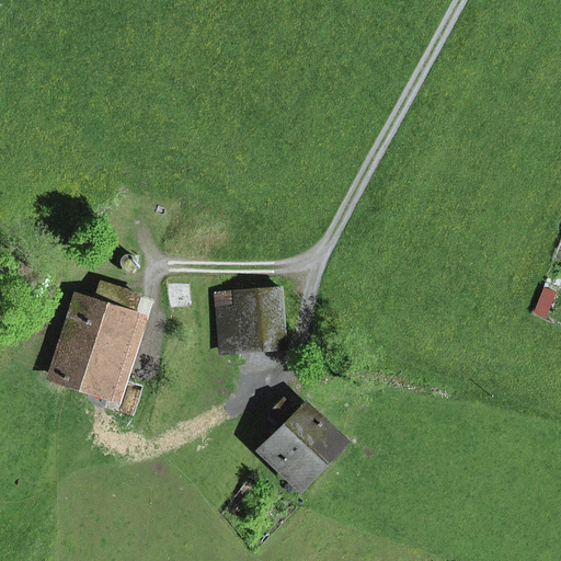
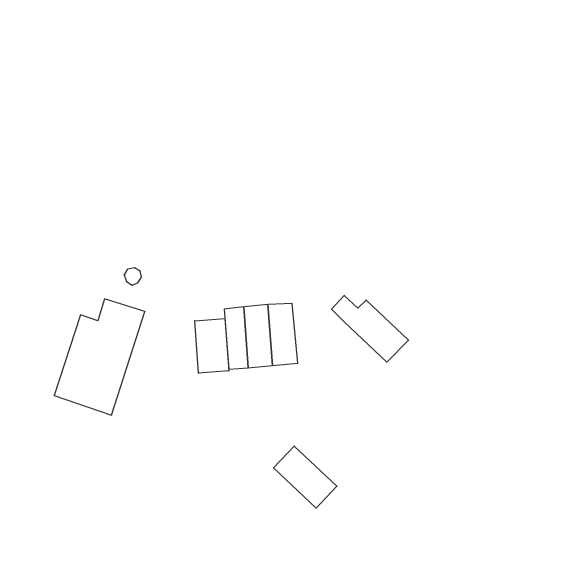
building: none -> [195,318,229,373]
building: [268,403,342,467] -> [332,295,409,362]

